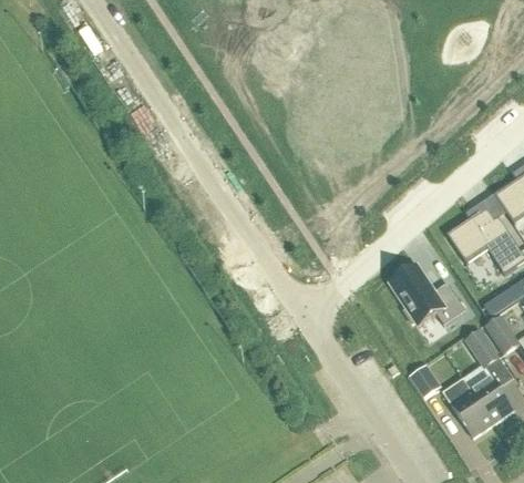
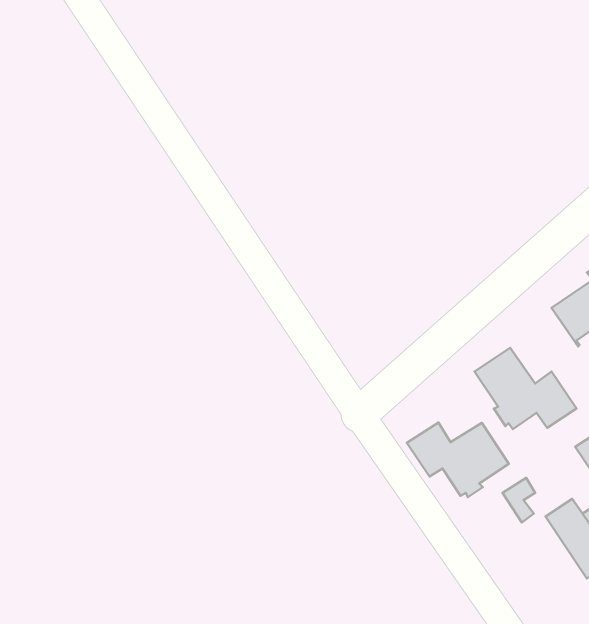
building: none -> [407,422,509,497]

